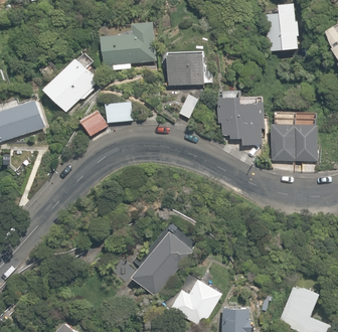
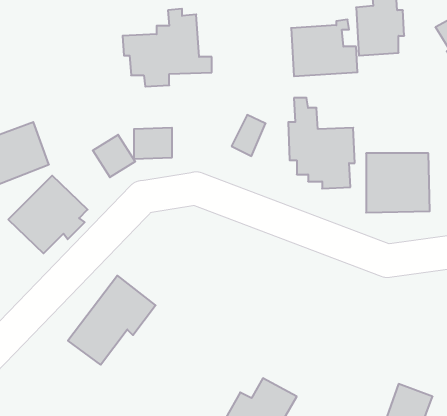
building: [164,46,211,87] -> [291,20,358,76]
building: [40,56,97,112] -> [8,176,88,253]
building: [132,231,194,295] -> [68,276,156,365]

